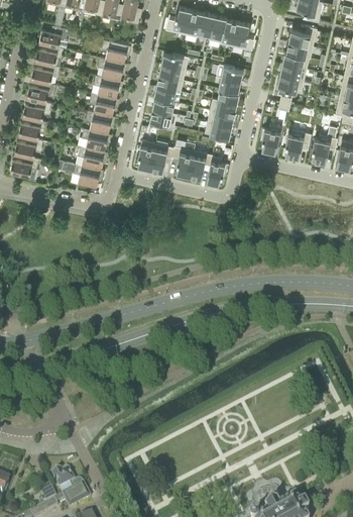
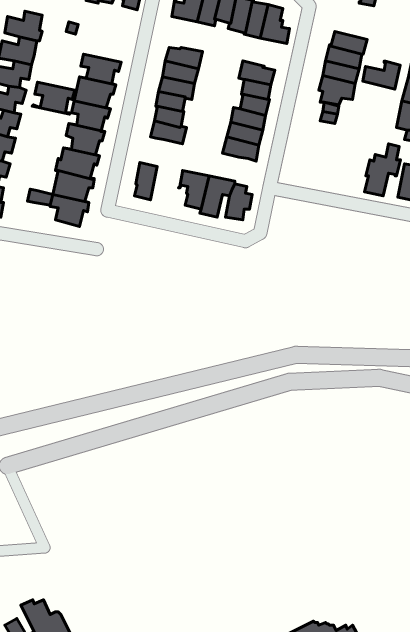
building: [288,26,317,47] -> [363,61,400,89]
building: [99,40,131,65] -> [32,82,75,114]
building: [260,125,280,152] -> none
building: [284,130,311,160] -> none
building: [148,146,173,173] -> none

